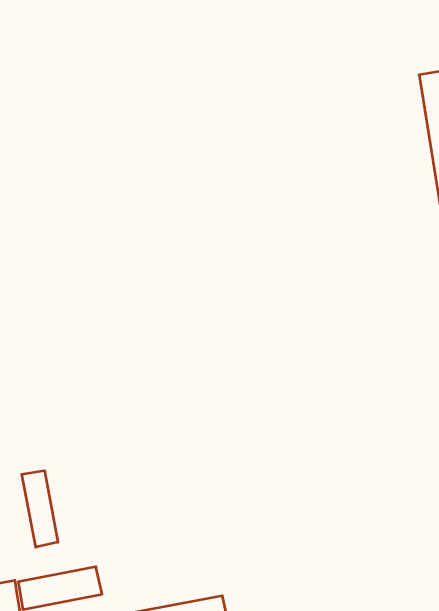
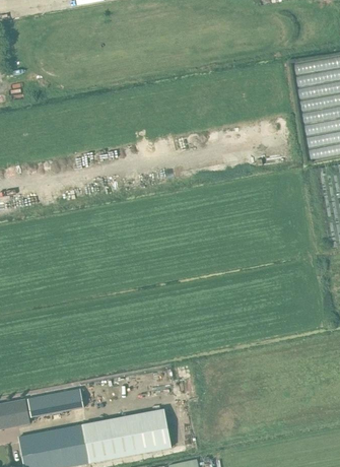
building: [22,471,58,547] -> none

